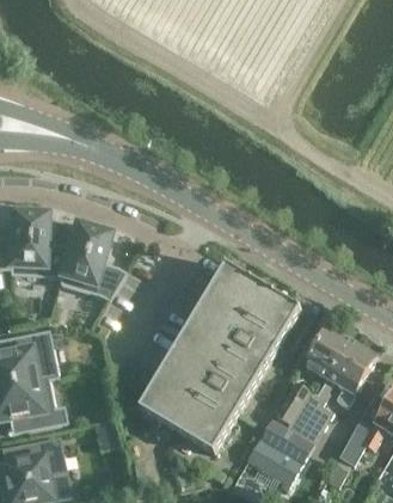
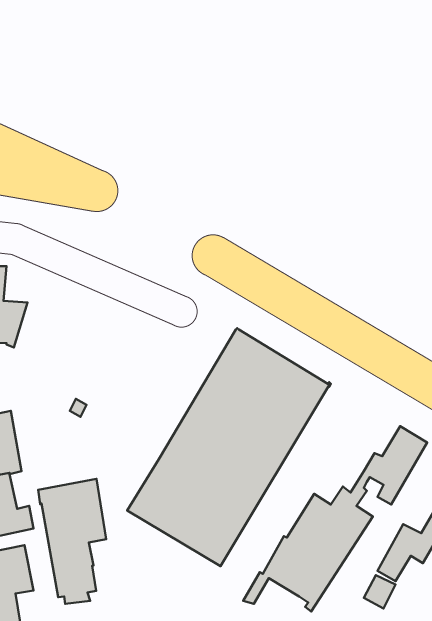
building: [51,221,125,303] -> none
building: [289,325,357,404] -> none
building: none -> [38,479,106,604]

